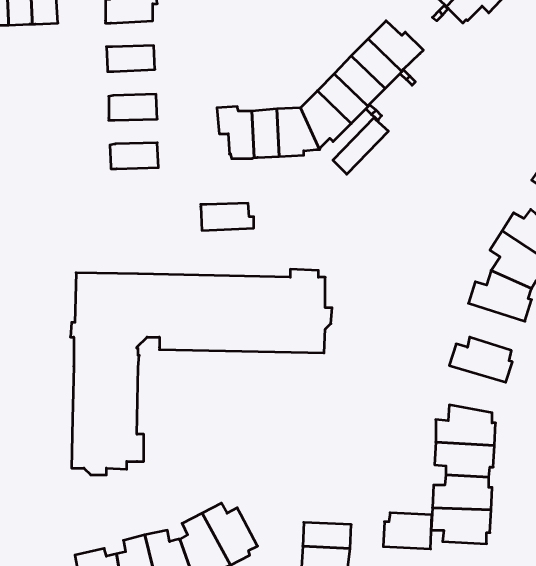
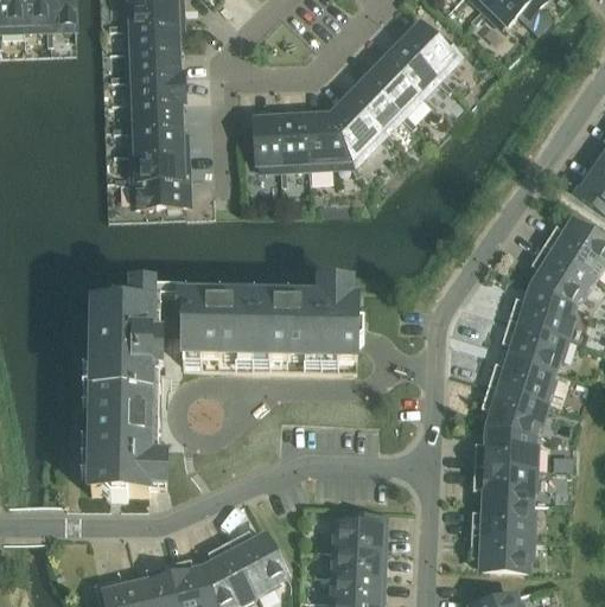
building: none -> [127,23,178,50]
building: none -> [129,74,185,102]
building: [333,117,388,174] -> none
building: none -> [130,126,182,153]
building: [201,203,254,230] -> [133,177,189,205]
building: none -> [502,319,568,369]
building: none -> [482,384,548,434]
building: [383,513,432,549] -> [336,513,387,551]

